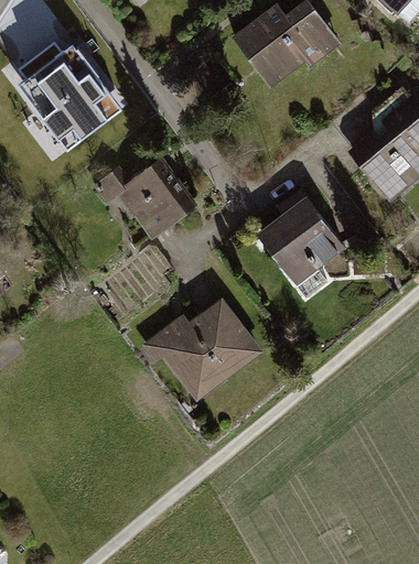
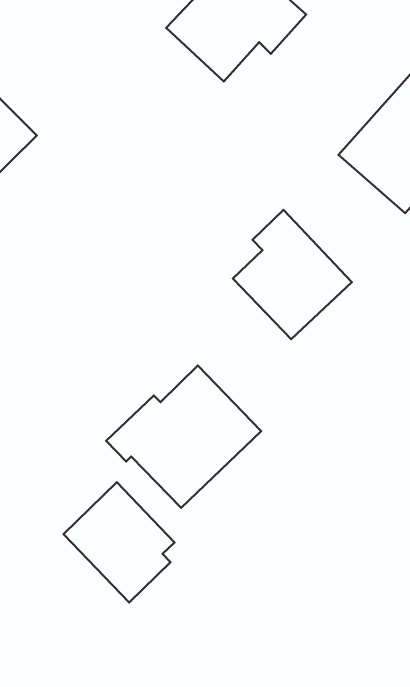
building: [93,162,187,234] -> none
building: none -> [64,482,174,603]

